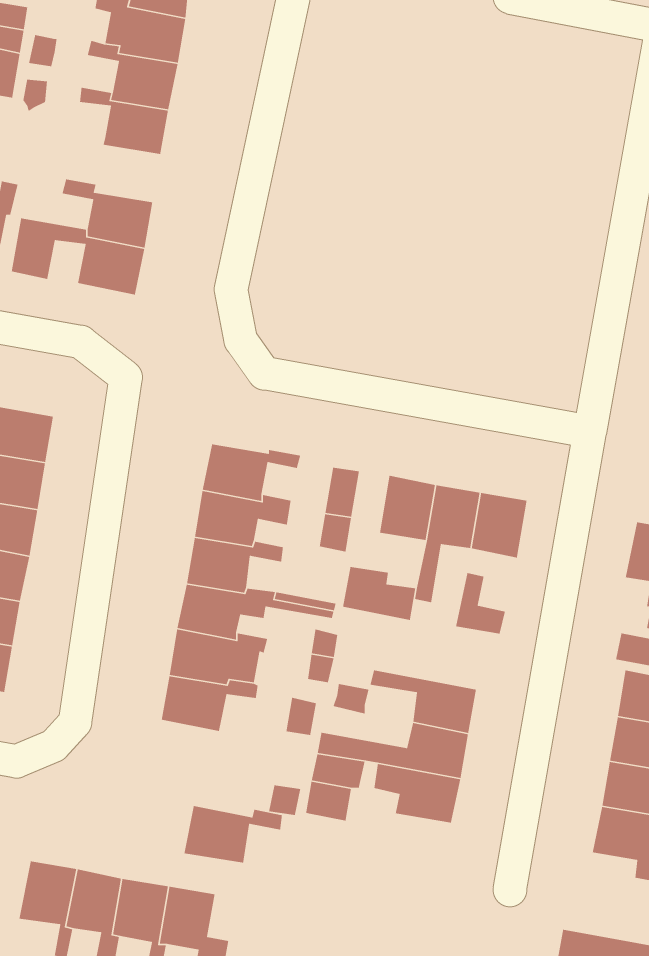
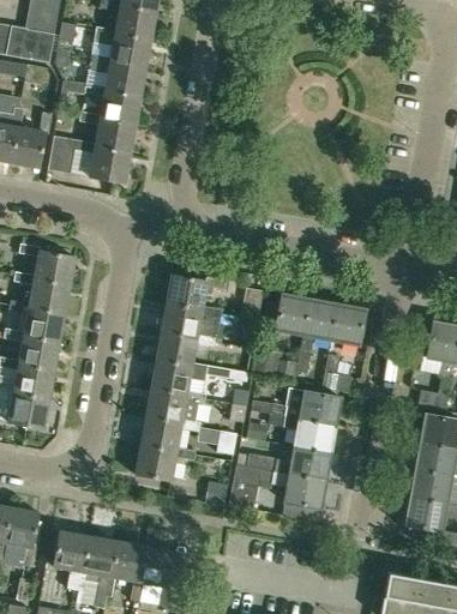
building: none -> [85,83,140,126]
building: none -> [252,389,339,426]
building: [183,805,283,864] -> [134,445,196,481]

